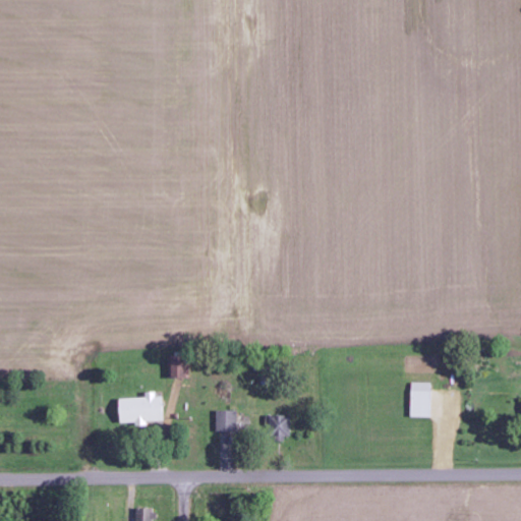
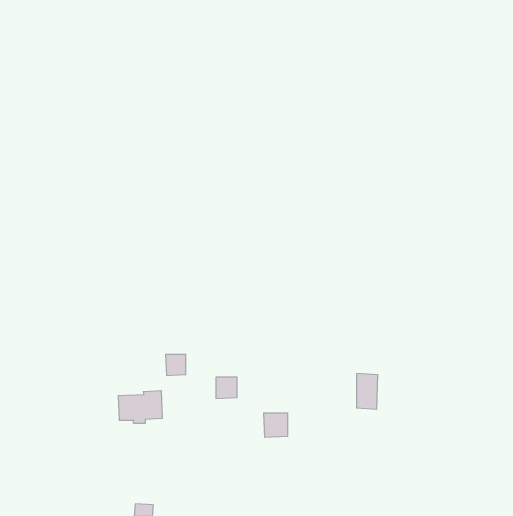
building: [410,383,431,418] -> [357,374,378,409]
building: [216,411,237,432] -> [216,377,237,398]

